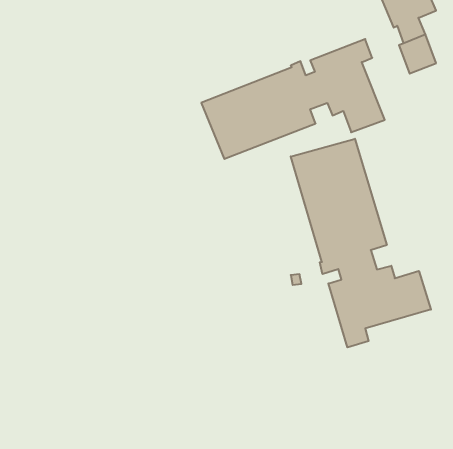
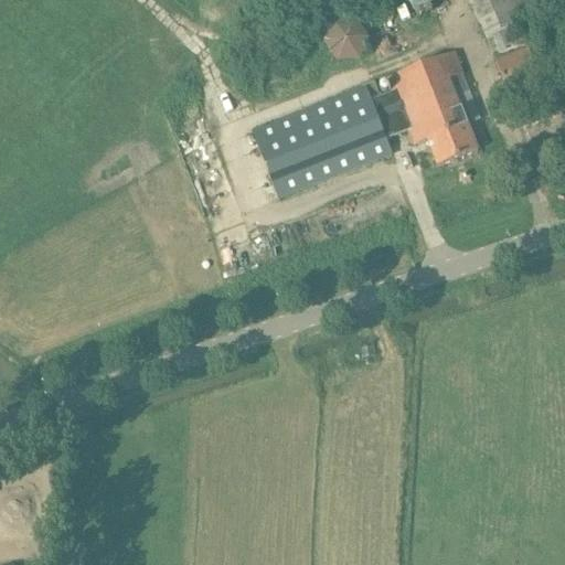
building: none -> [323,15,371,60]
building: [291,139,431,347] -> none

